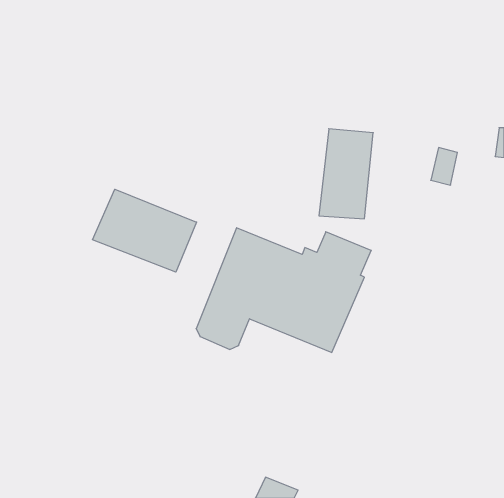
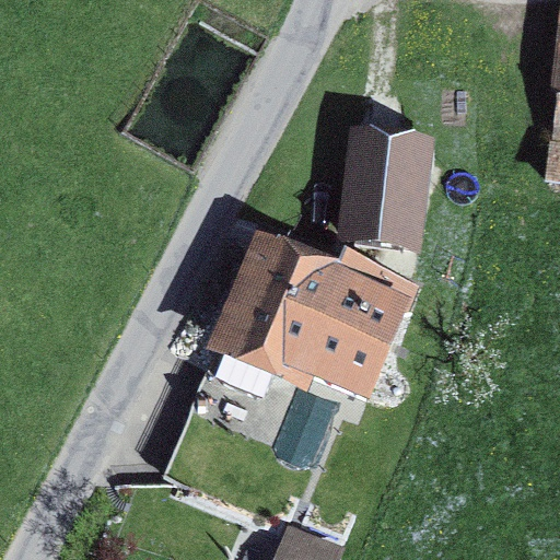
building: [93,189,197,272] -> none

